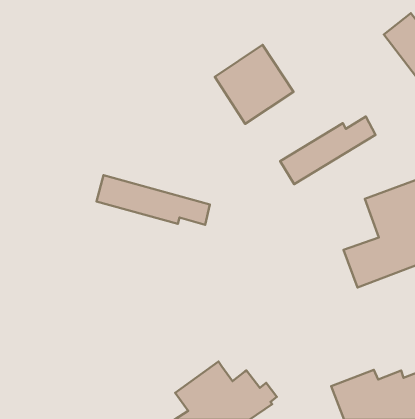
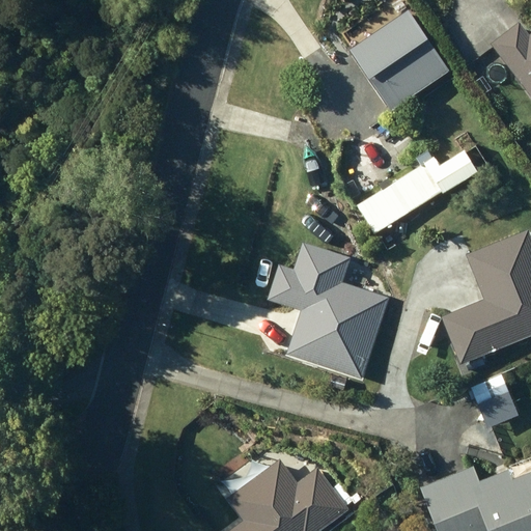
building: [215,45,294,124] -> [347,11,447,111]
building: [96,175,210,225] -> none
building: none -> [268,243,386,378]

